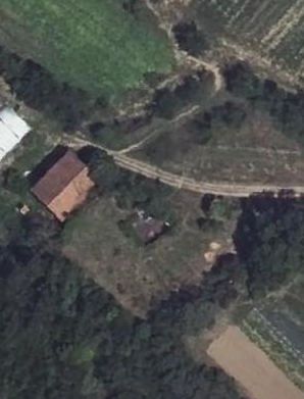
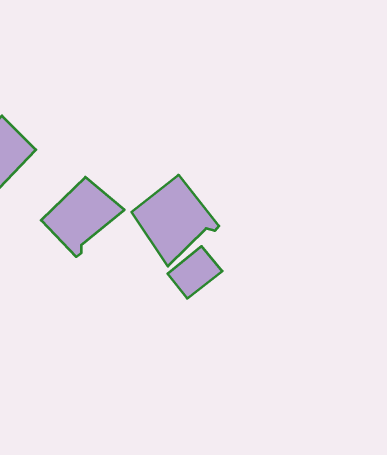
building: none -> [132,175,219,266]

